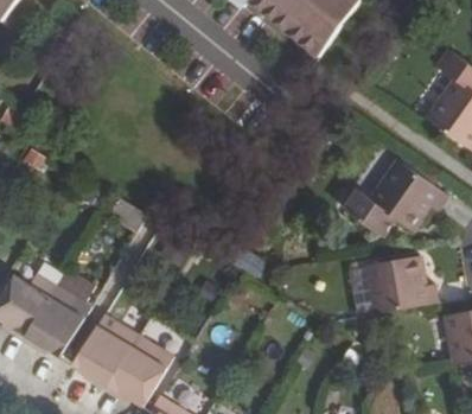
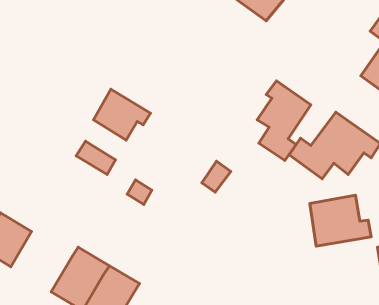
building: none -> [257,81,311,161]
building: none -> [93,89,151,140]
building: [26,276,88,356] -> none

